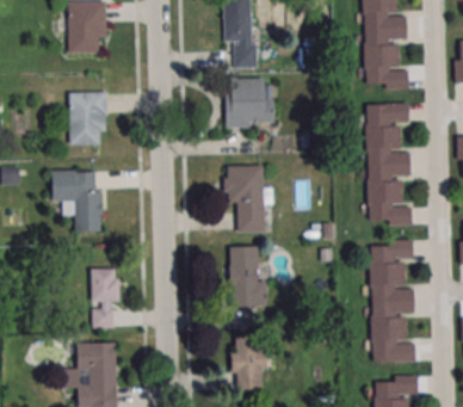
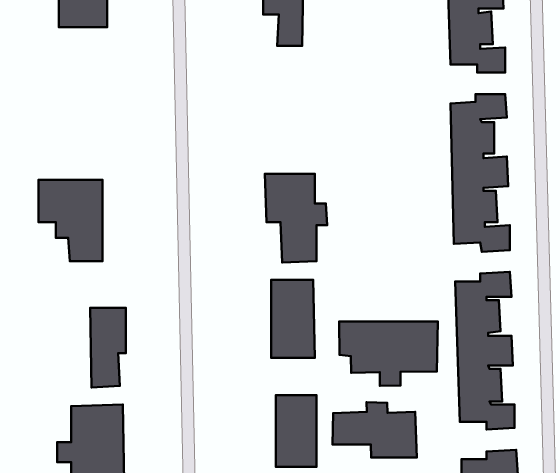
building: [224,78,272,127] -> none
building: [69,92,106,144] -> none
building: none -> [339,321,438,386]
building: none -> [333,402,417,457]

